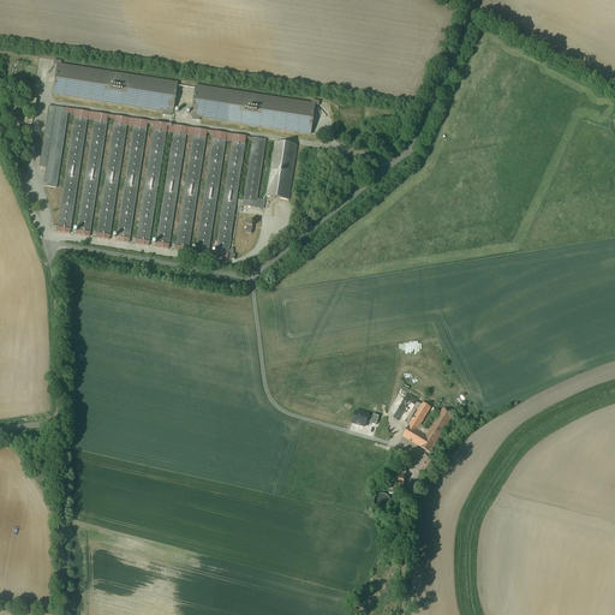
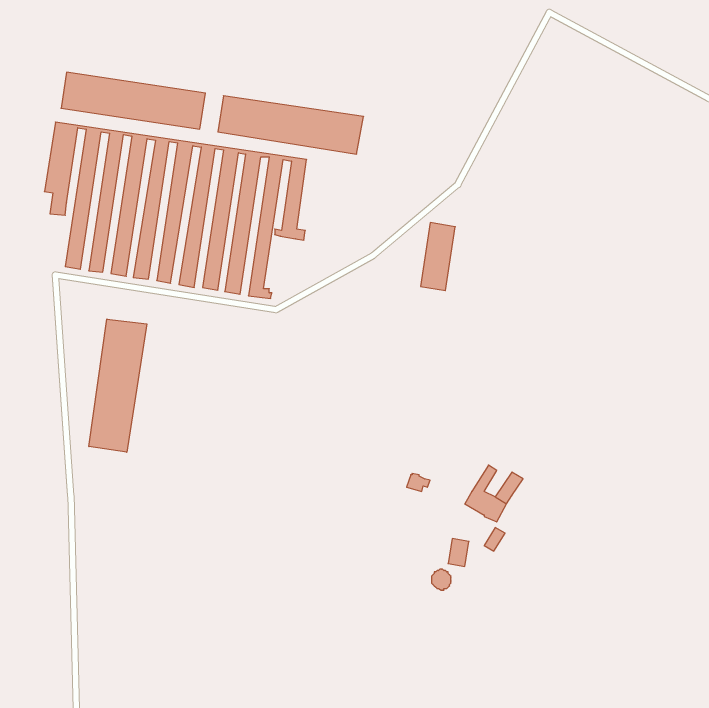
building: [267,141,297,199] -> [421,223,455,291]
building: none -> [89,319,147,452]

